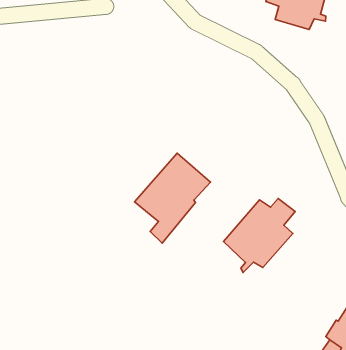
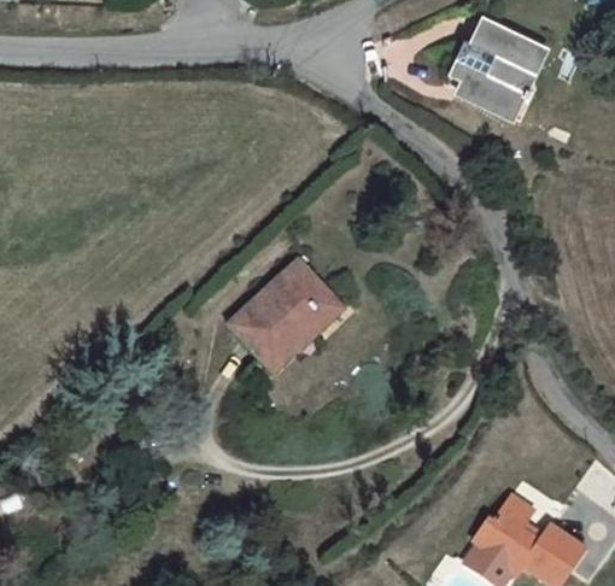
building: [224,199,295,272] -> none

